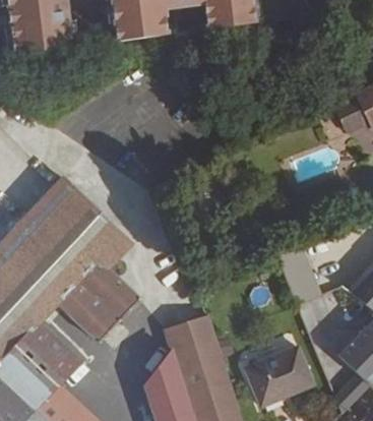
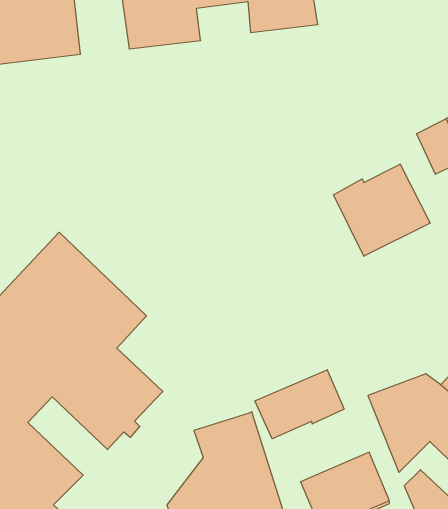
building: none -> [333,164,430,256]
building: none -> [255,370,344,439]

